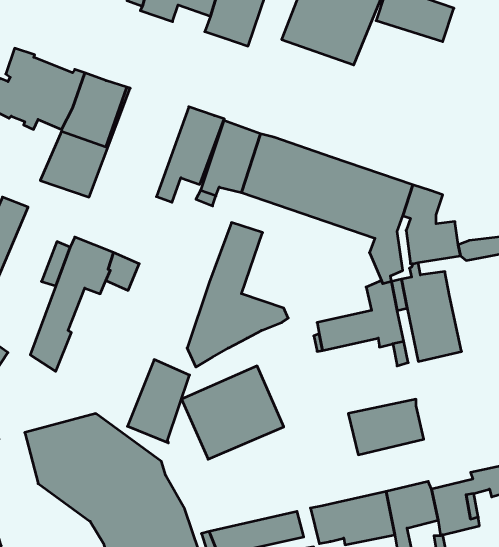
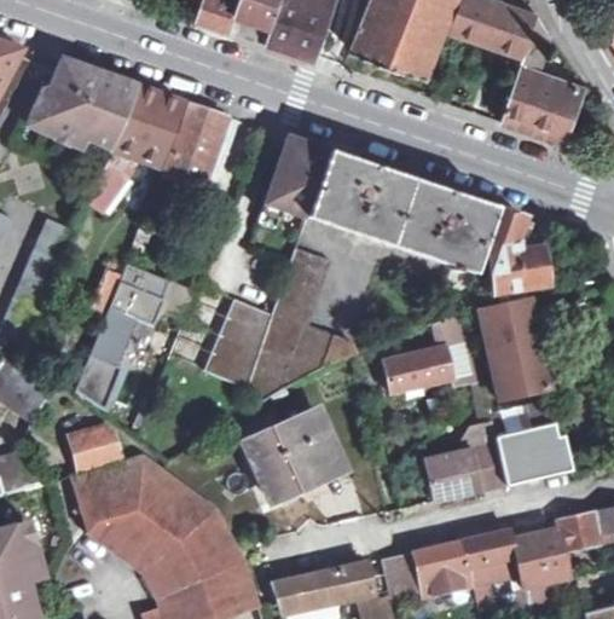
building: none -> [500,15,580,140]
building: [156,107,224,202] -> [152,103,226,207]
building: [127,360,190,443] -> [203,296,271,387]
building: none -> [490,401,570,484]
building: none -> [69,427,121,472]

